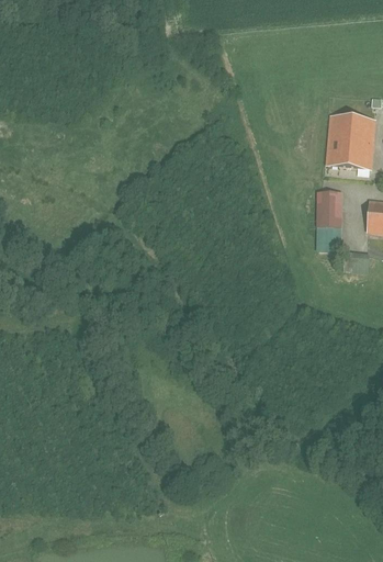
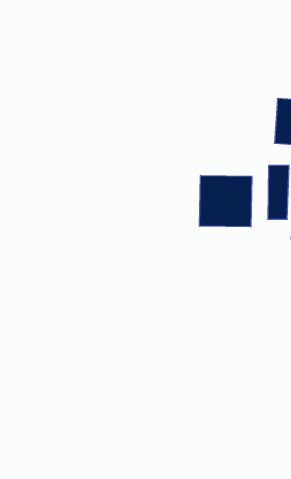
building: none -> [200,175,252,227]

